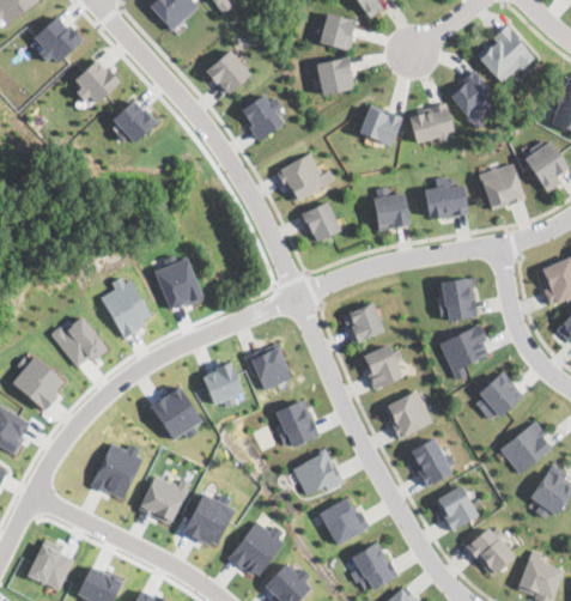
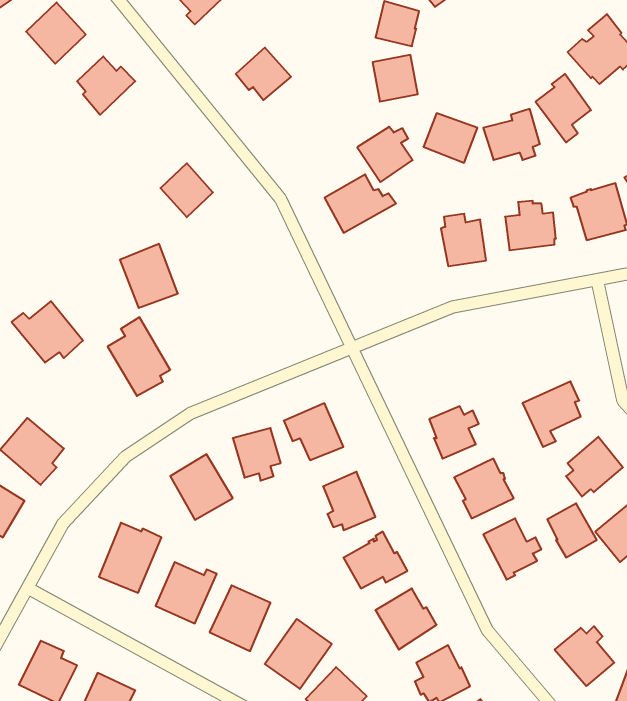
building: [239,97,285,142] -> [357,127,413,182]
building: [113,98,156,142] -> [160,163,213,217]
building: [303,204,342,244] -> none
building: [154,257,202,310] -> [120,244,178,308]
building: [438,278,478,322] -> none
building: [344,303,384,342] -> none
building: [49,316,108,366] -> [12,301,83,363]
building: [438,486,479,530] -> [547,503,597,557]

